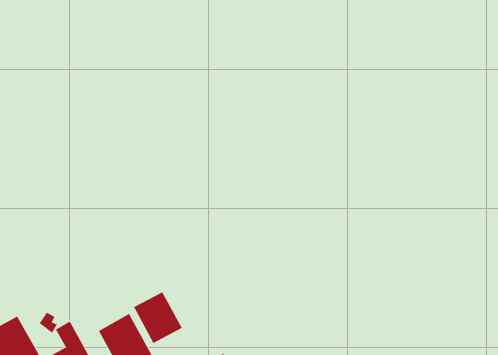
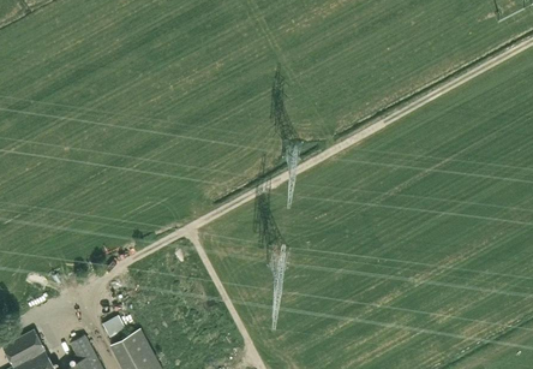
building: [133,291,183,344] -> none

